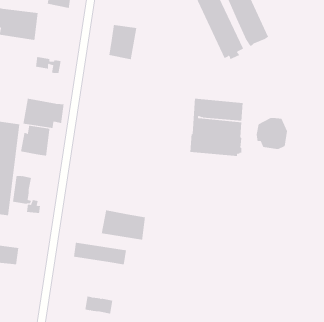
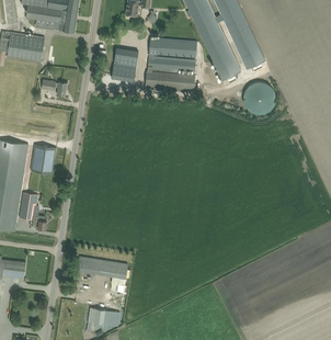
building: [23,98,64,129] -> none
building: [190,98,243,157] -> [145,37,196,93]
building: [256,117,288,150] -> [243,82,274,113]
building: [101,210,146,240] -> none

